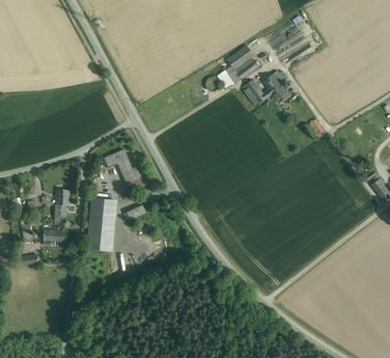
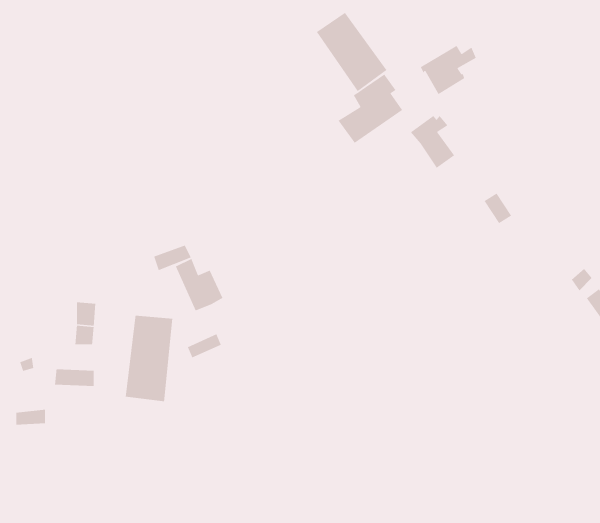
building: none -> [316,12,387,92]
building: [244,79,274,107] -> none

